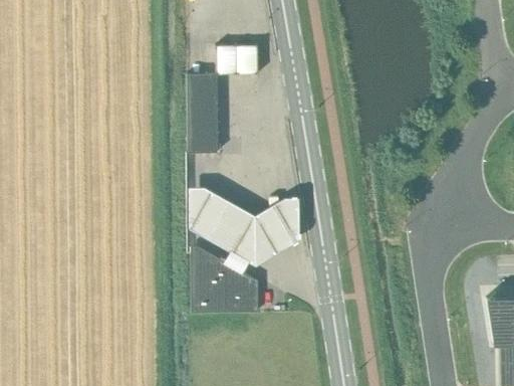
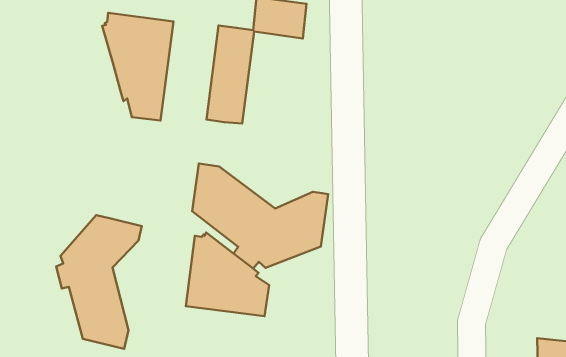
building: none -> [102,13,173,120]
building: none -> [56,215,142,349]

